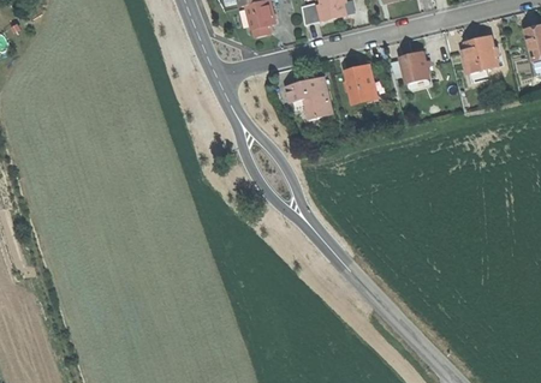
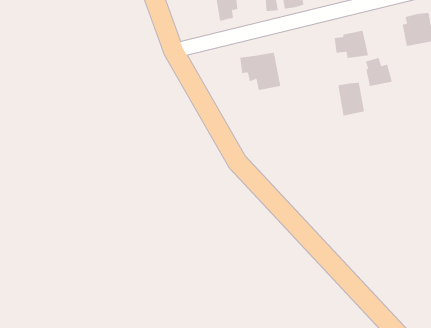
building: [344,64,374,101] -> [337,82,365,116]
building: none -> [365,57,392,87]

